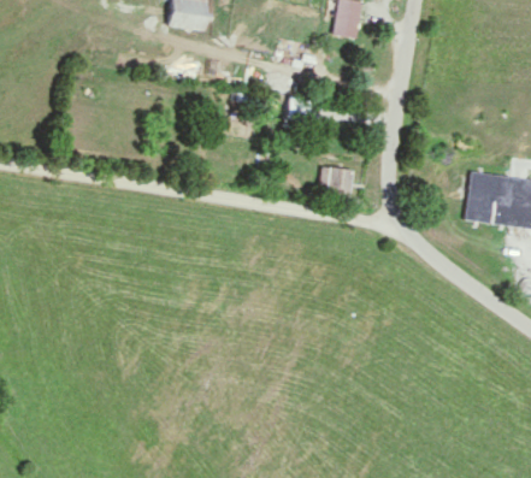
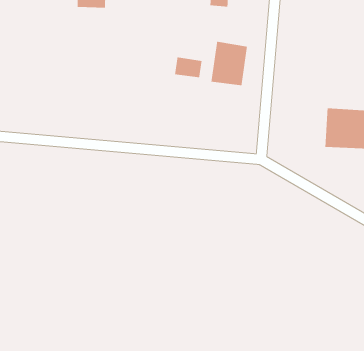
building: none -> [211,41,248,86]
building: [319,166,352,197] -> none

